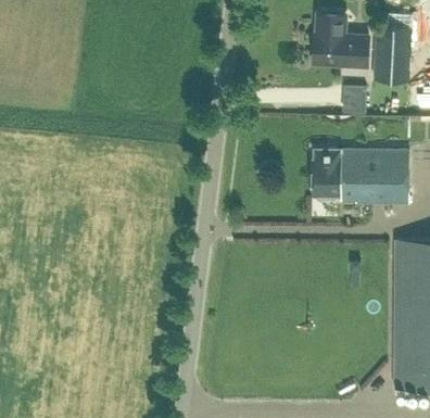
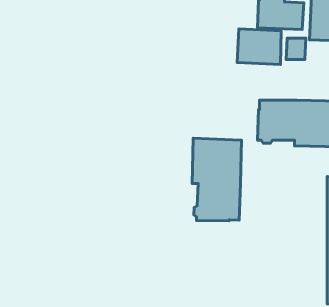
building: none -> [237,29,281,64]
building: none -> [192,138,241,221]

